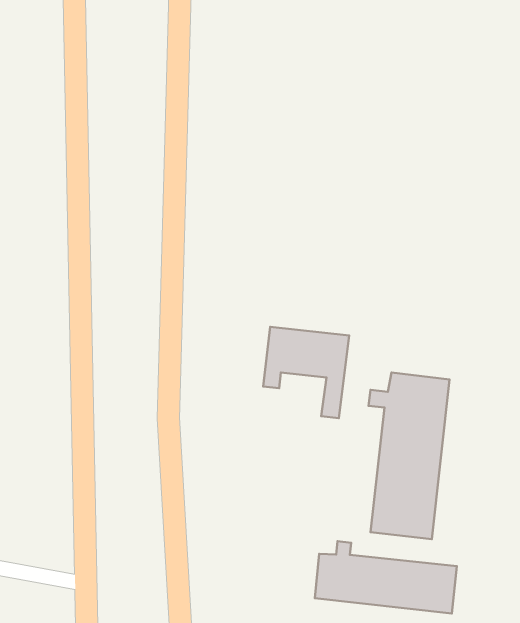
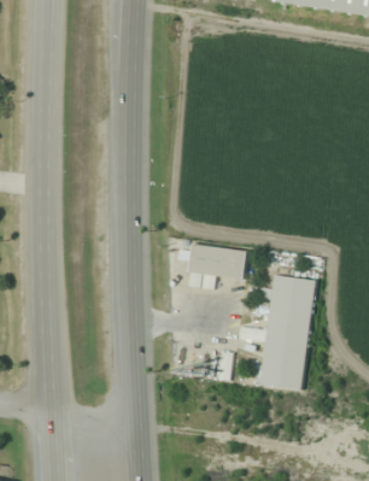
building: [315,541,457,613] -> none

